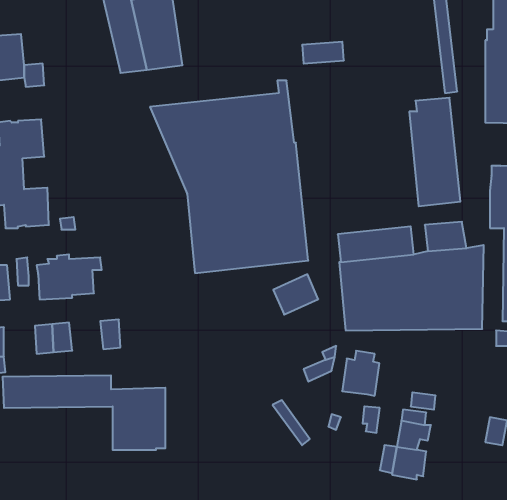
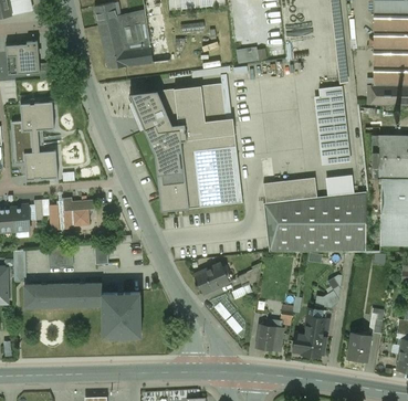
building: [273,274,318,315] -> [196,264,228,293]
building: [342,351,379,396] -> [257,319,283,351]
building: none -> [347,333,372,361]

